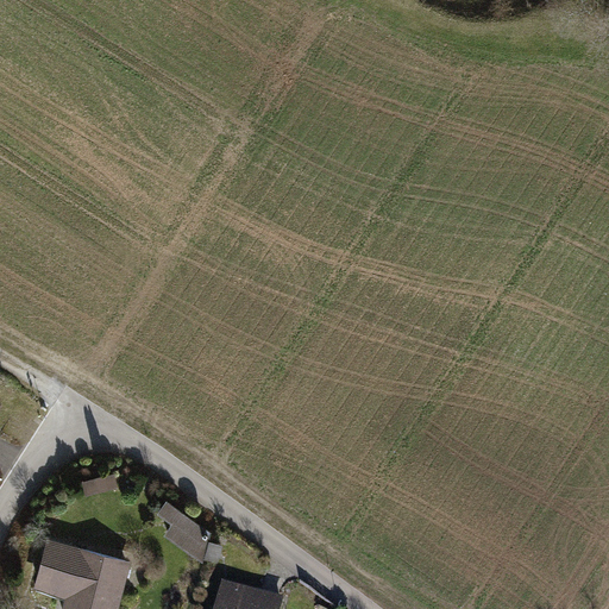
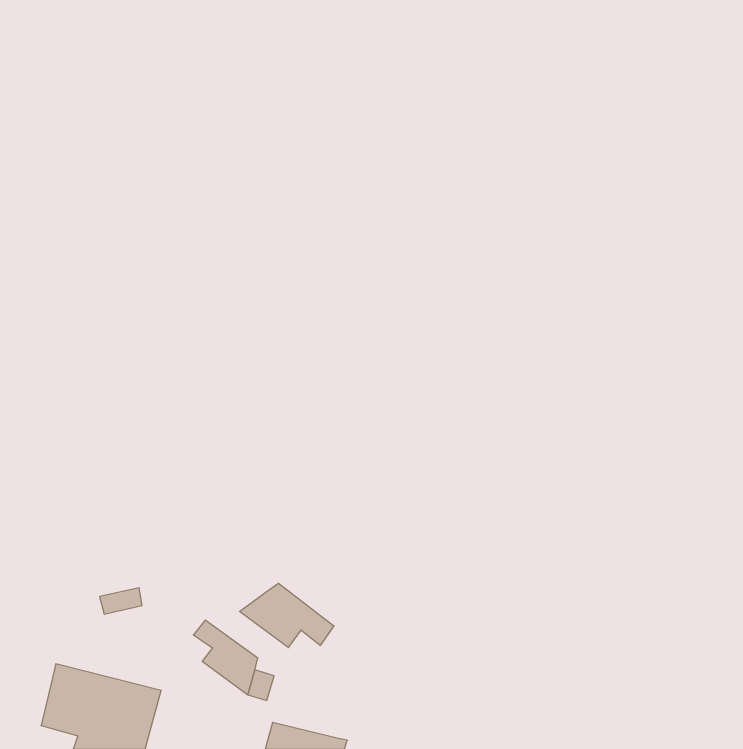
building: none -> [240,583,334,648]

